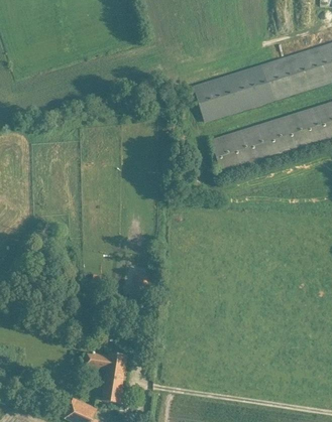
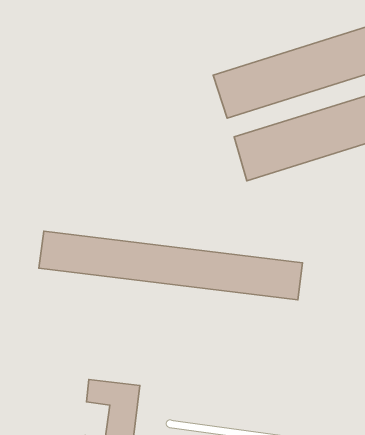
building: none -> [39,231,303,300]

